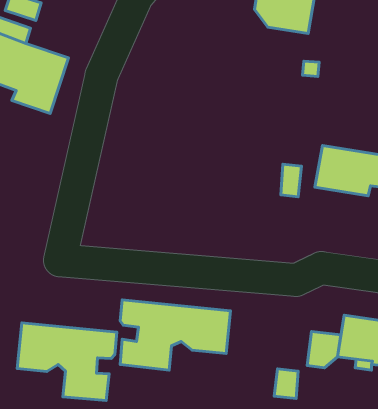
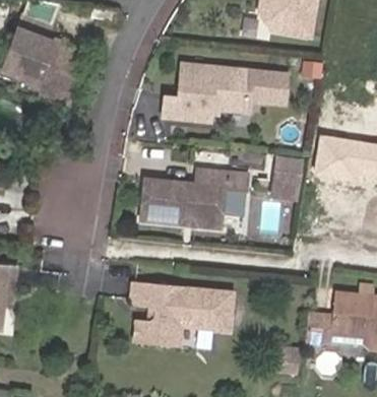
building: none -> [163,65,285,121]
building: none -> [143,169,251,227]
building: [17,323,117,401] -> none

